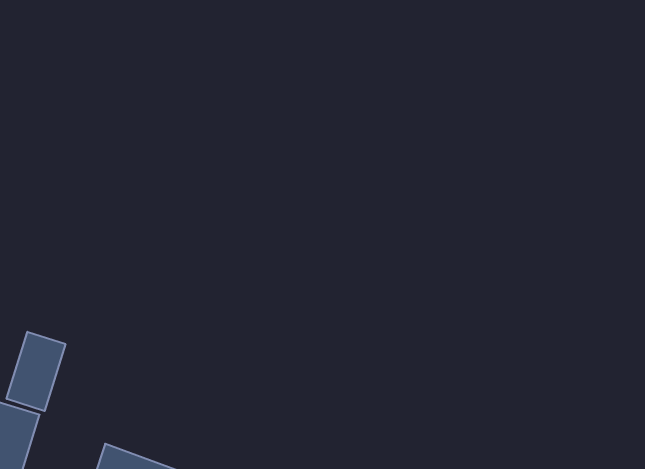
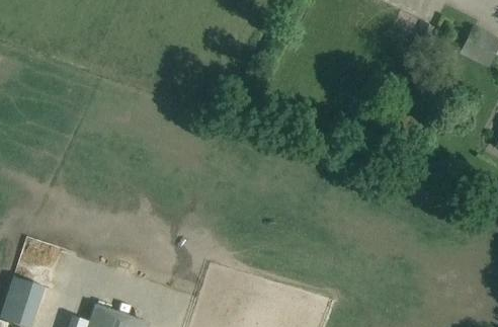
building: [7,332,65,411] -> none

